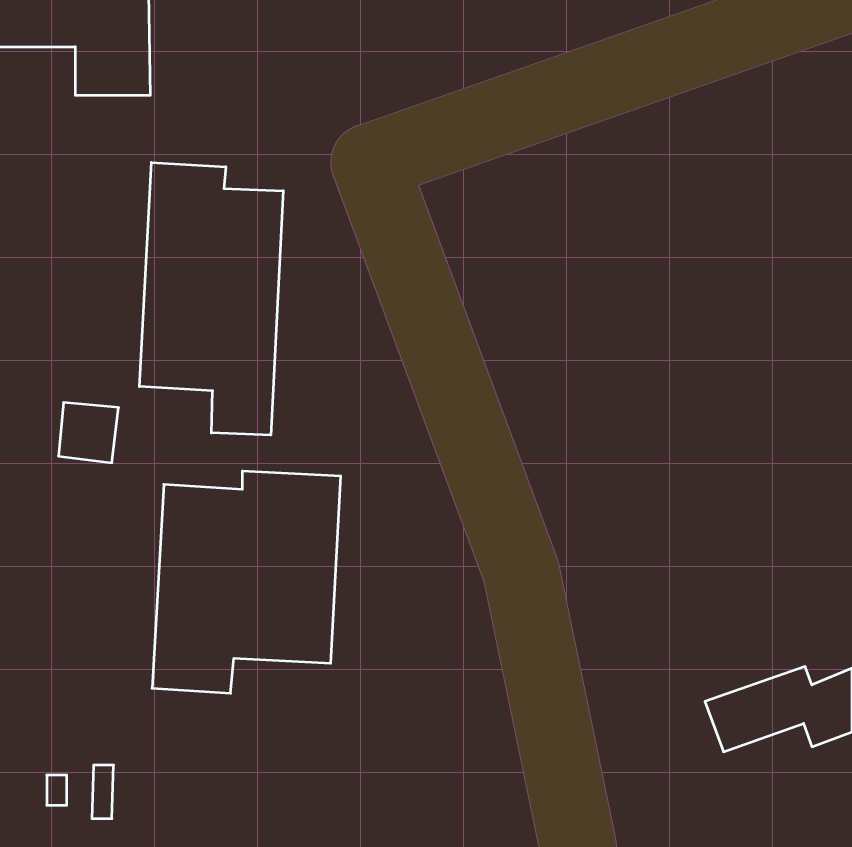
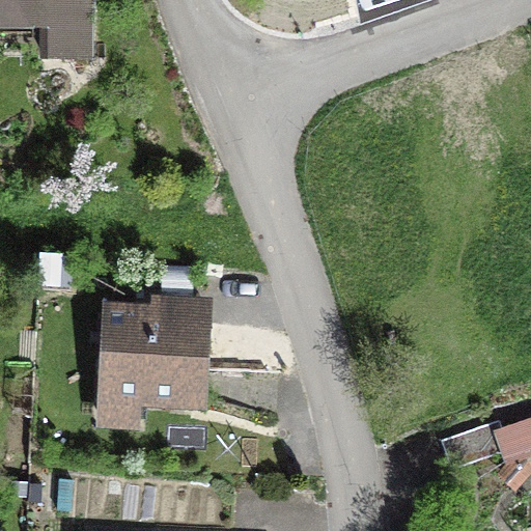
building: [139,162,283,435] -> none

